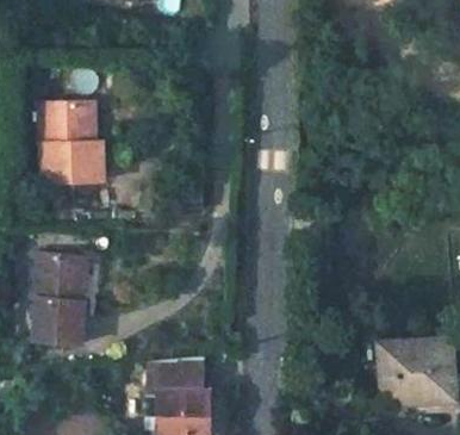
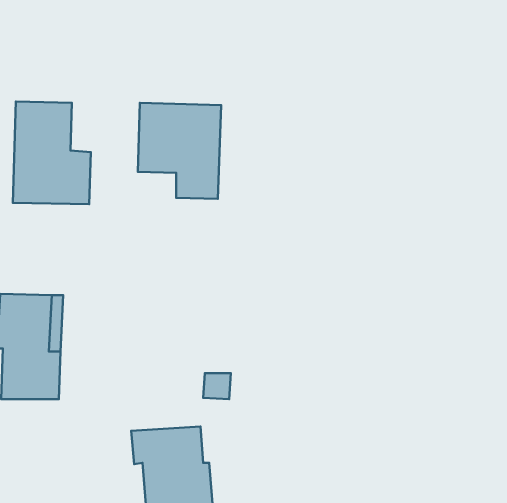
building: none -> [138,103,221,199]
building: [368,336,449,404] -> none

